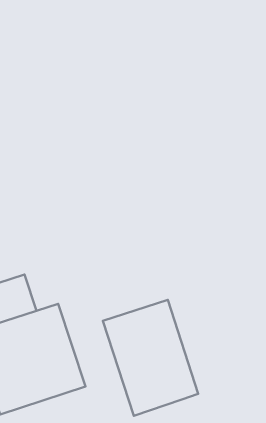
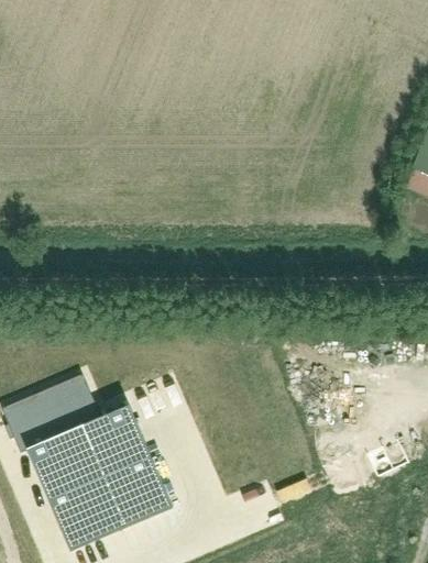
building: [103,300,198,416] -> none

